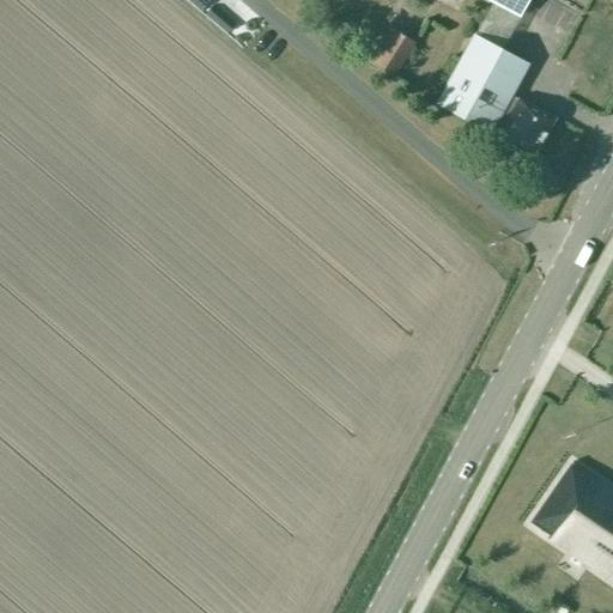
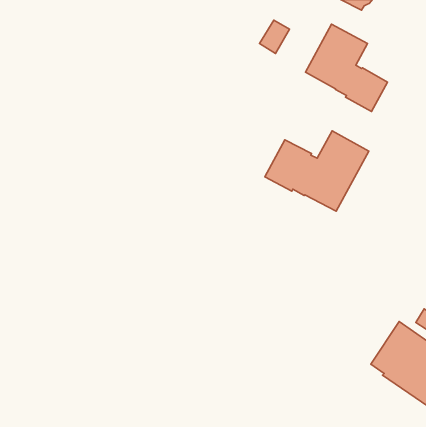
building: none -> [265,131,369,211]

